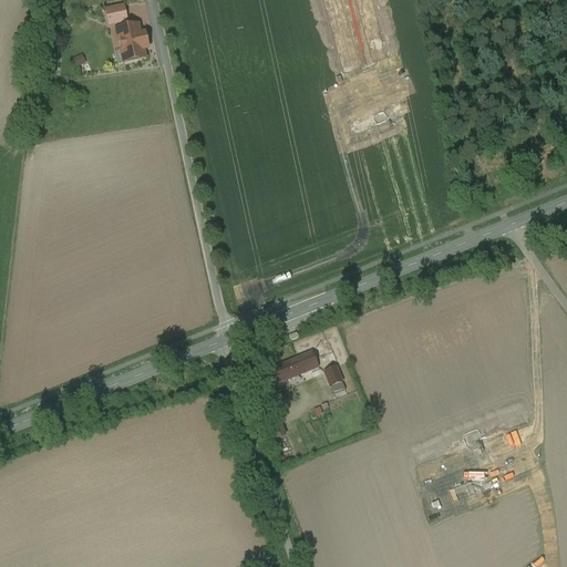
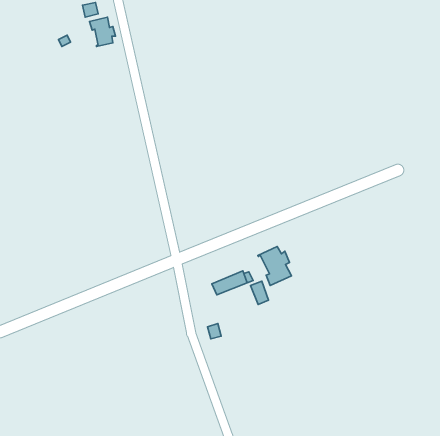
building: none -> [258,246,292,286]

